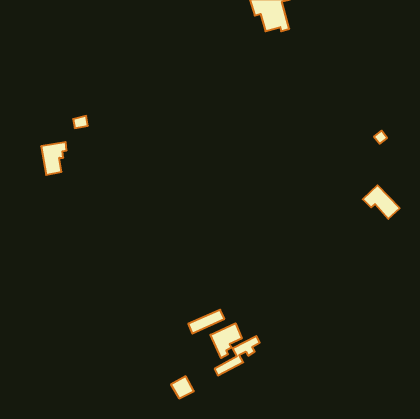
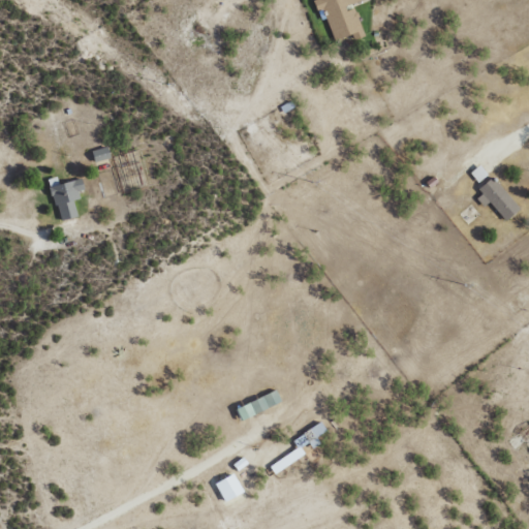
building: [363,185,400,219] -> [474,178,521,220]
building: [210,323,242,358] -> none

